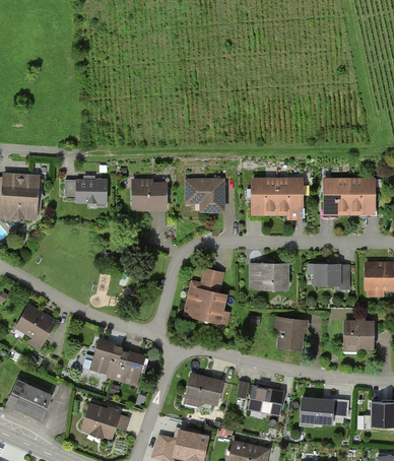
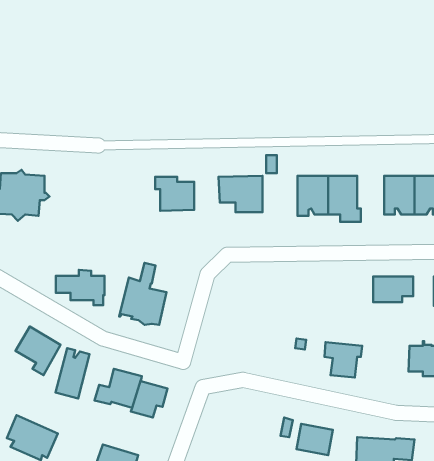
building: [65,176,106,205] -> [56,270,104,305]
building: [251,264,286,287] -> none
building: [185,270,224,322] -> [119,263,166,325]
building: none -> [56,348,90,398]
building: [184,375,221,409] -> none

